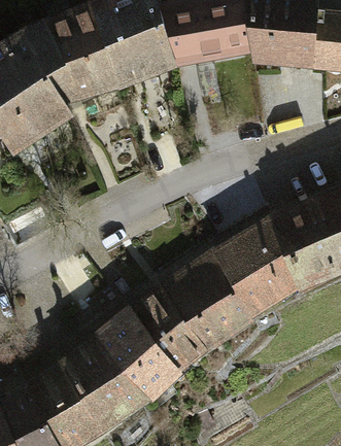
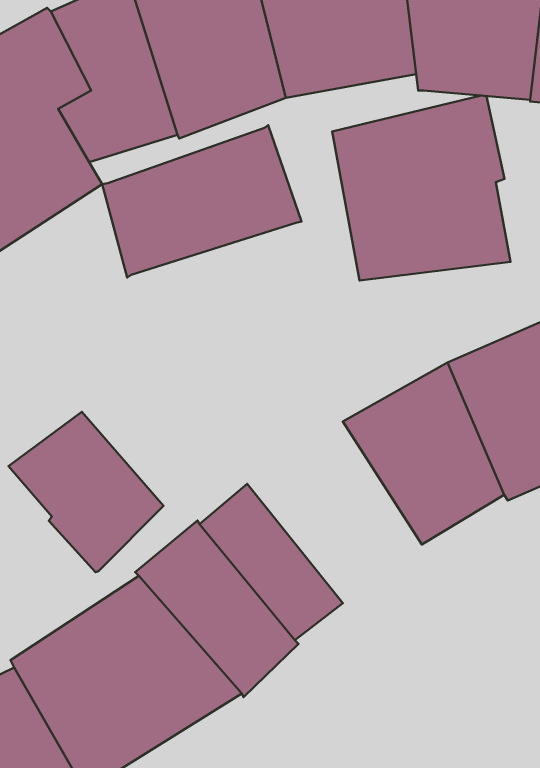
building: none -> [332,96,510,281]
building: none -> [102,125,302,277]
building: none -> [8,412,163,572]
building: [152,250,252,354] -> none

